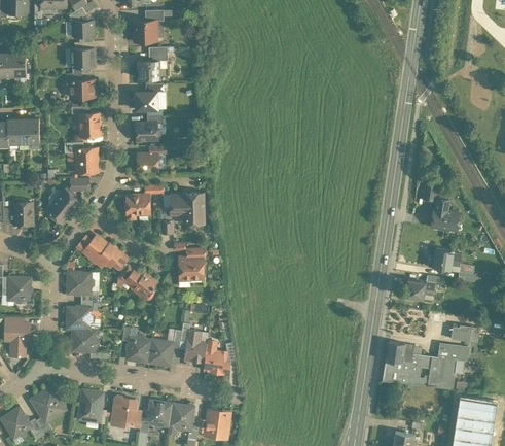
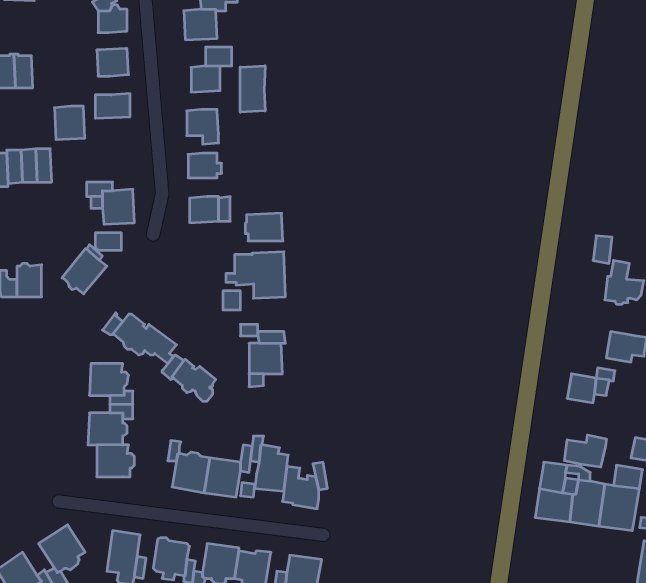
building: none -> [240,66,265,112]
building: [78,112,100,136] -> [54,106,85,140]
building: [123,194,150,213] -> [245,213,283,241]
building: [7,276,31,303] -> none
building: none -> [564,435,606,467]
building: [9,322,29,356] -> none

